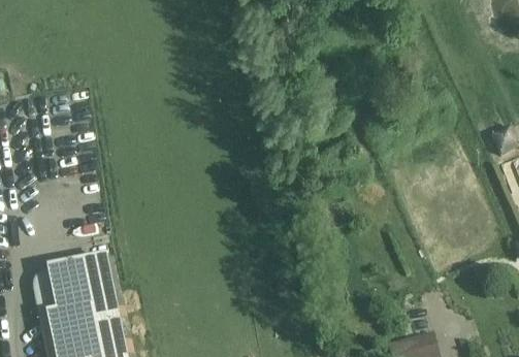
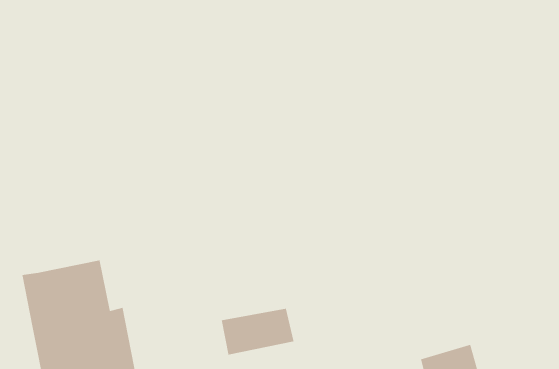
building: none -> [221,308,294,355]

